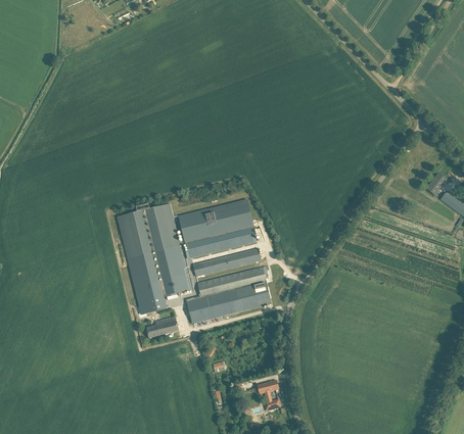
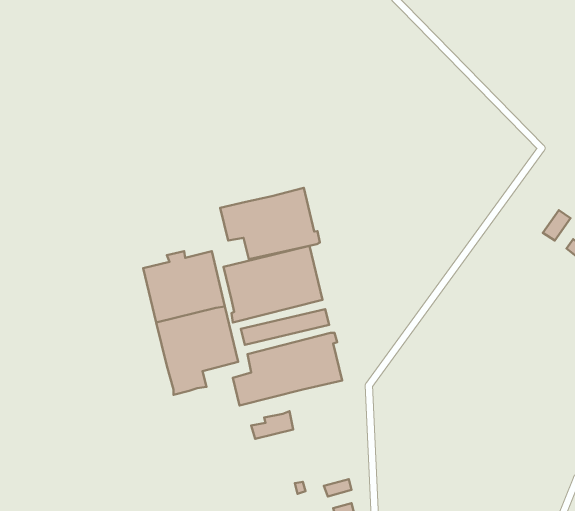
building: none -> [220,188,320,259]
building: [145,316,178,337] -> [251,411,293,439]

